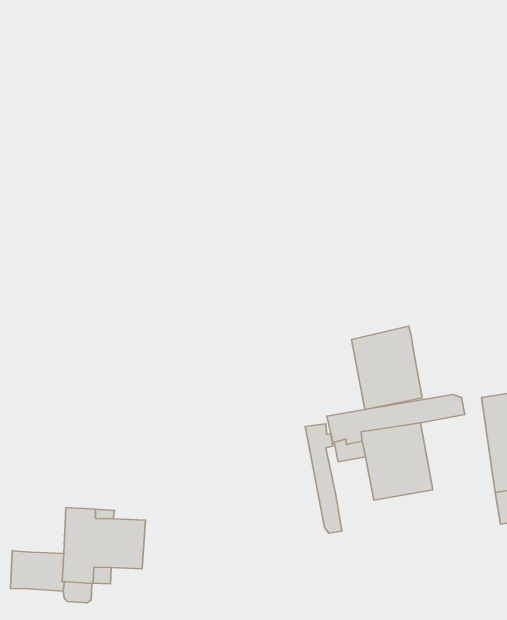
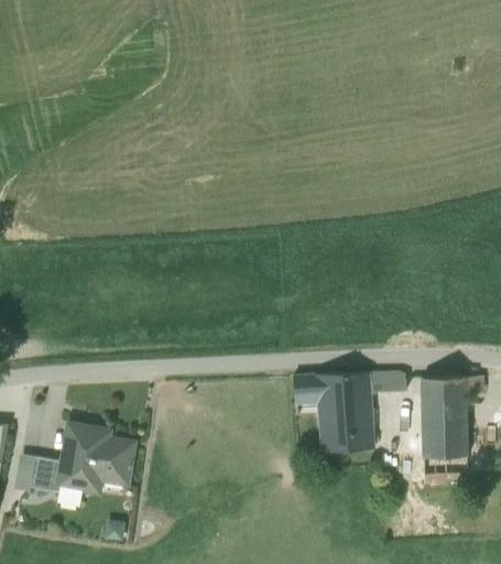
building: [351,326,422,410] -> none
building: [305,424,342,533] -> none

